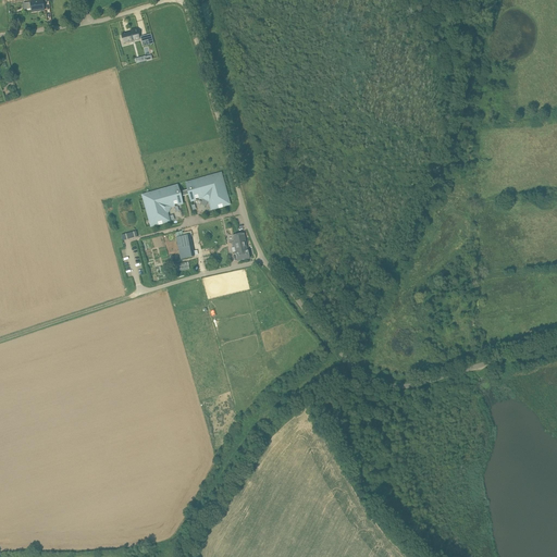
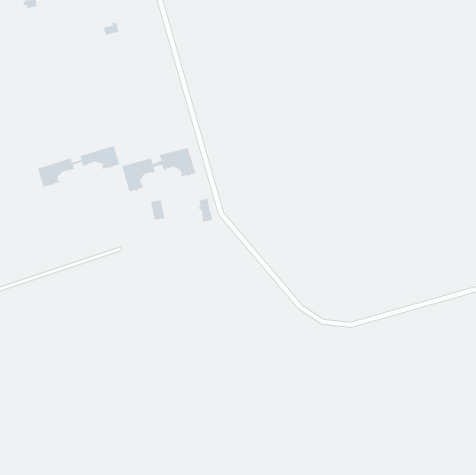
building: none -> [37,145,120,188]

